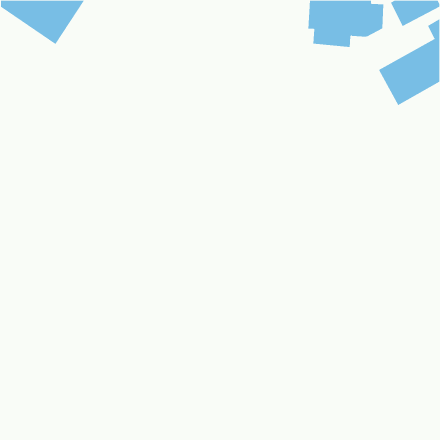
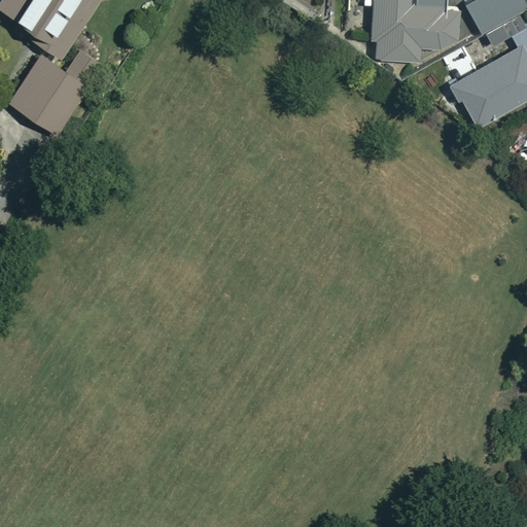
building: none -> [8,55,90,136]

